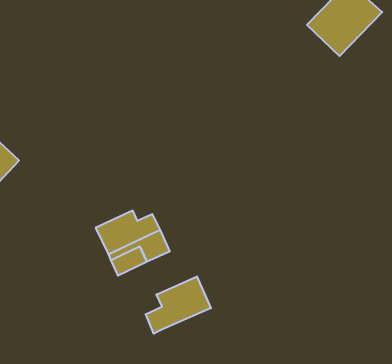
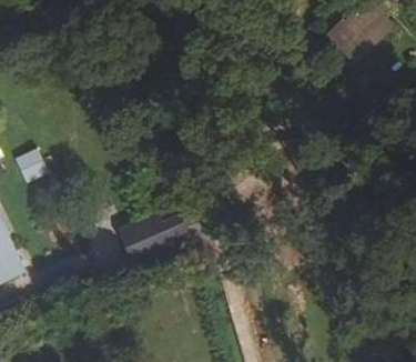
building: [146,276,211,334] -> none

